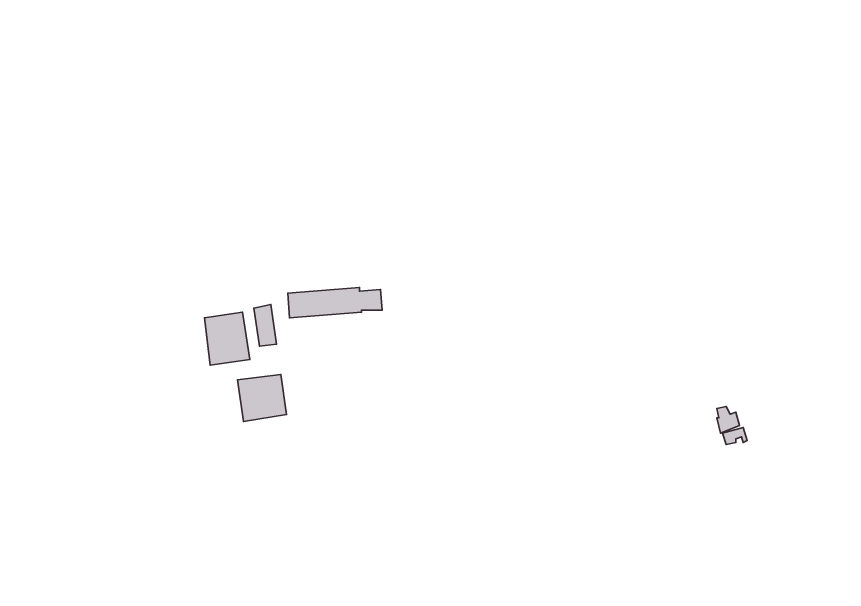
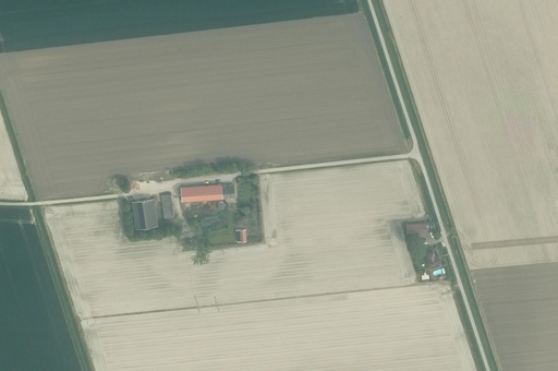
building: [237,375,286,422] -> none

